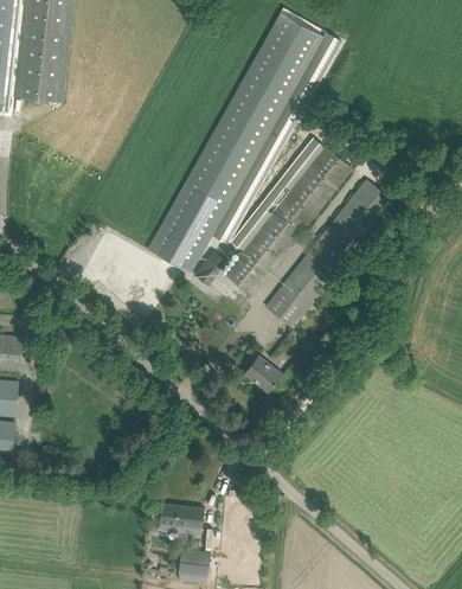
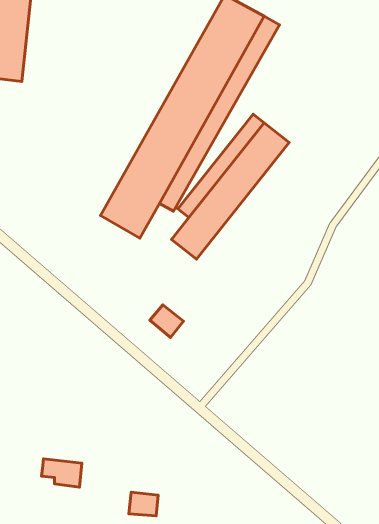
building: [265,179,392,327] -> none
building: [244,356,281,391] -> [150,305,184,338]
building: [159,504,203,534] -> [41,459,82,487]

